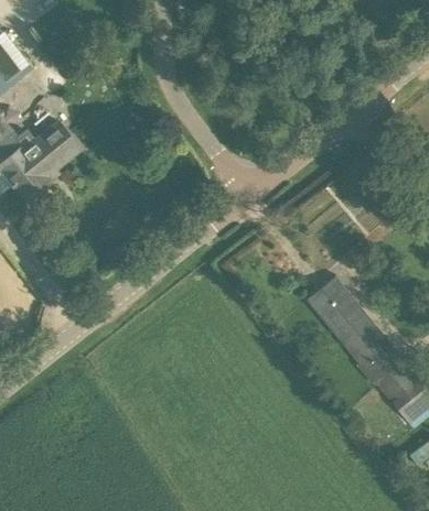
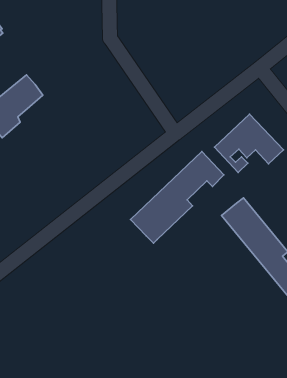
building: none -> [130,152,224,243]

